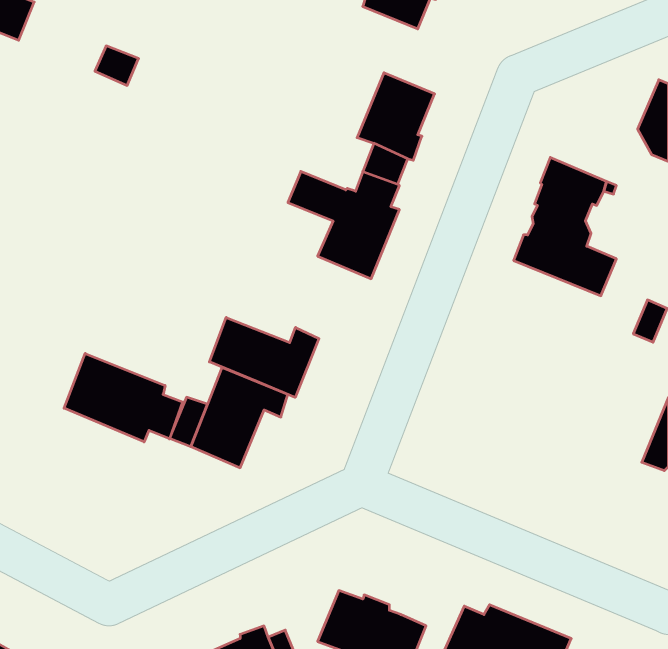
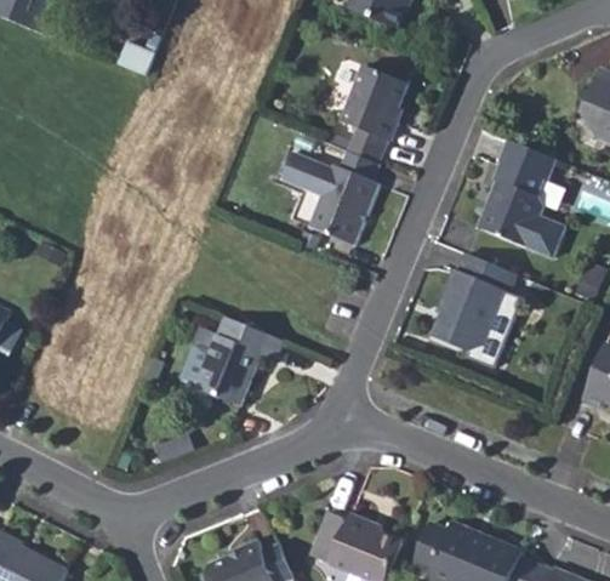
building: none -> [432,250,519,364]
building: [209,317,319,397] -> none
building: [64,353,183,442] -> none

